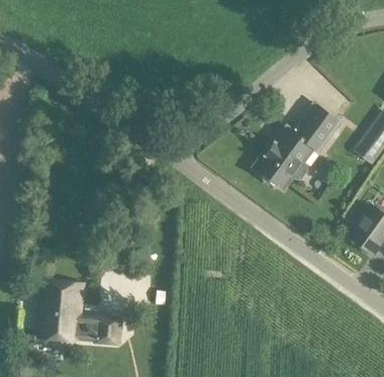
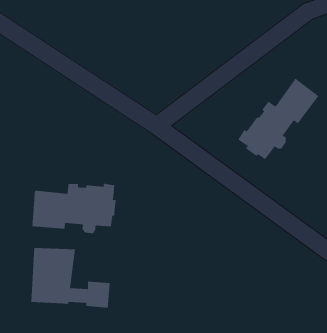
building: none -> [32,183,116,234]

